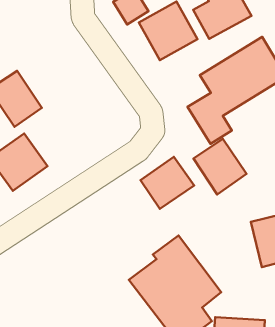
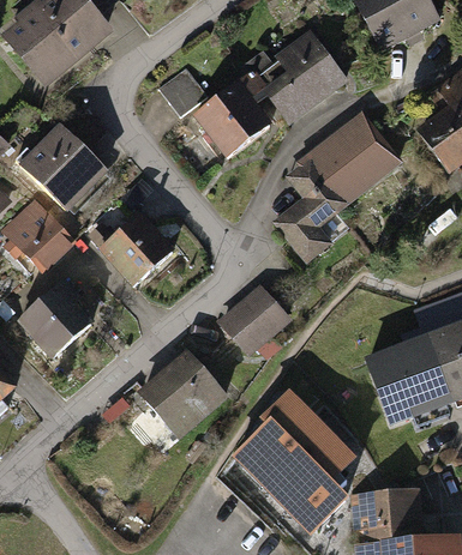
building: none -> [23,121,110,209]
building: none -> [97,212,172,286]
building: [194,139,247,194] -> none
building: none -> [142,352,229,439]

